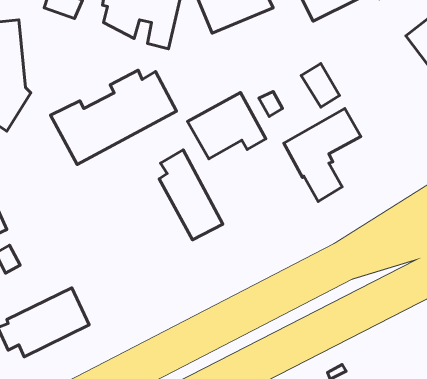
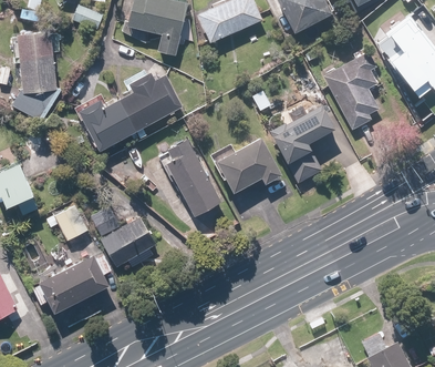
building: none -> [322,52,379,132]
building: [188,92,266,159] -> [217,136,282,192]
building: none -> [89,200,155,267]
building: none -> [46,206,87,241]

